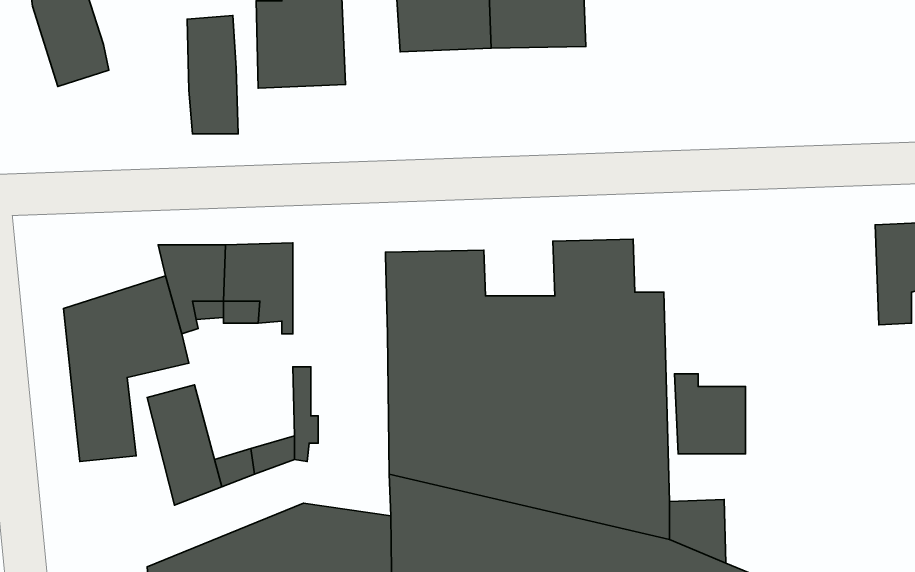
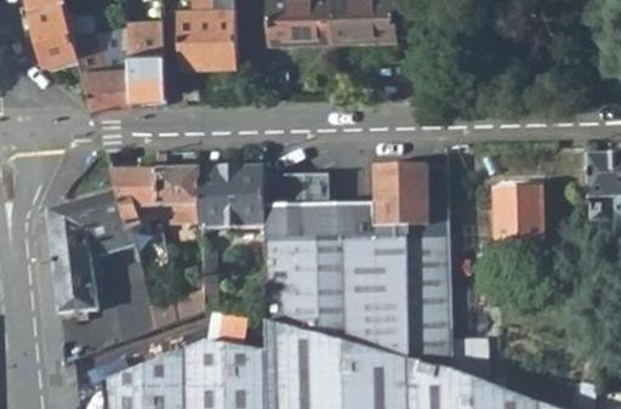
building: none -> [75,28,135,103]
building: none -> [201,166,264,227]
building: [675,374,746,454] -> [495,188,542,242]

